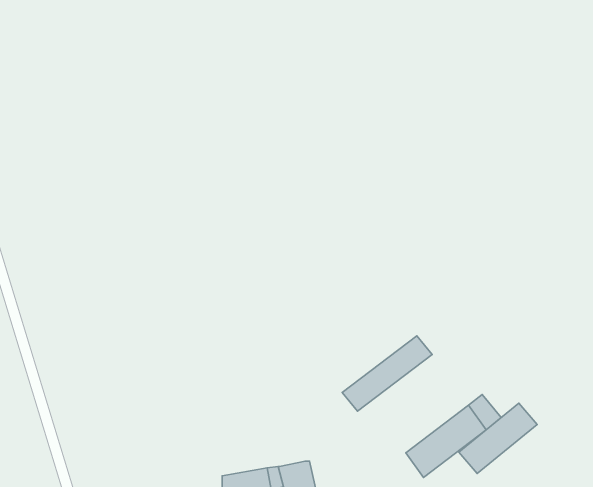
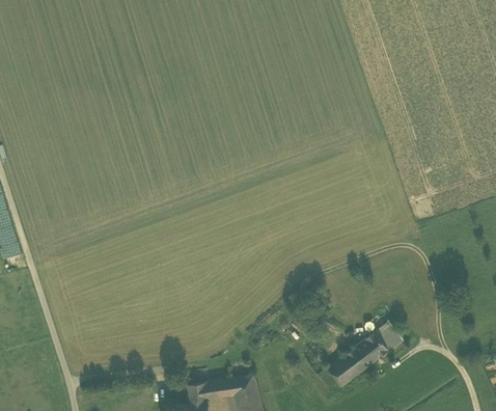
building: [342,336,432,411] -> none
building: [459,403,537,473] -> none

